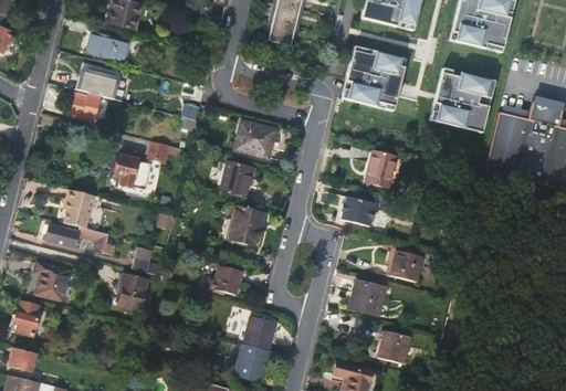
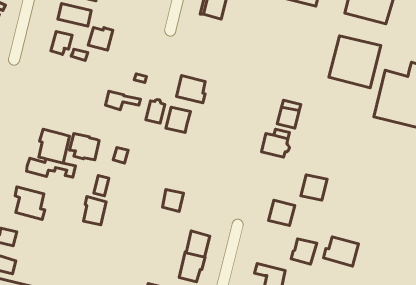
building: [339,47,406,114] -> none
building: [70,93,101,121] -> [88,27,113,50]
building: none -> [146,100,165,123]
building: [115,156,153,189] -> [69,133,99,160]
building: [230,204,262,242] -> none
building: none -> [324,237,359,266]

